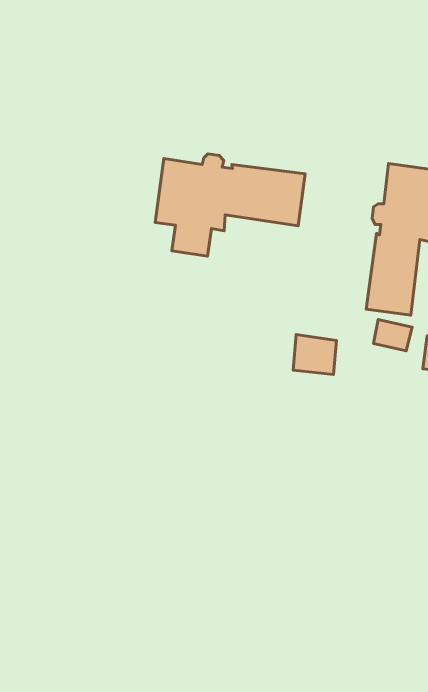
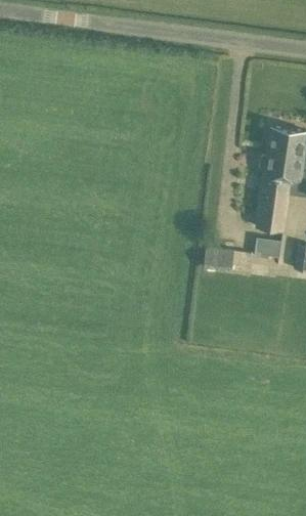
building: [155,154,305,256] -> none

